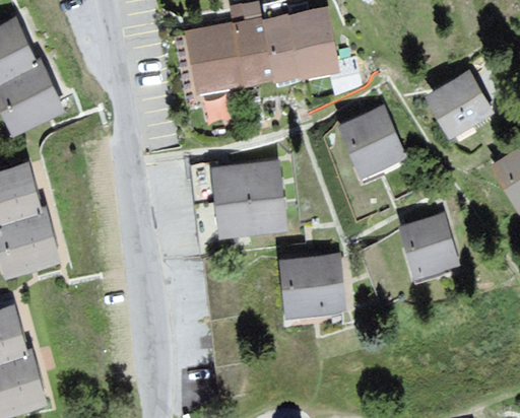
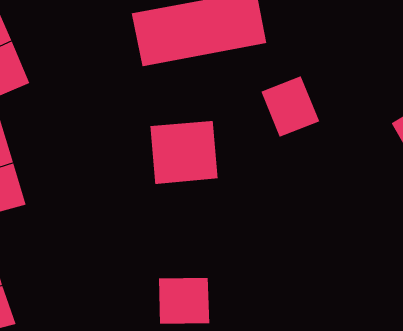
building: [420,71,491,141] -> none
building: [394,211,461,282] -> none
building: [280,258,342,314] -> [158,277,210,324]

